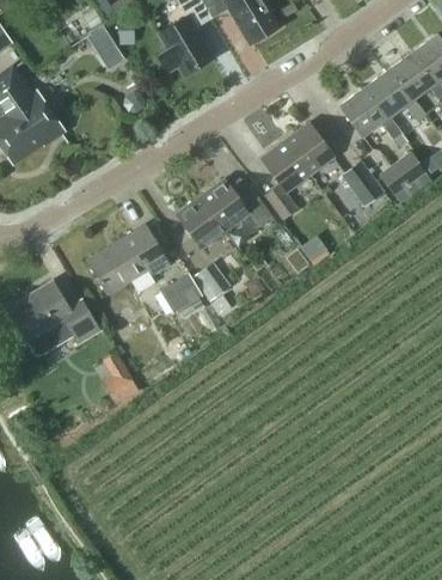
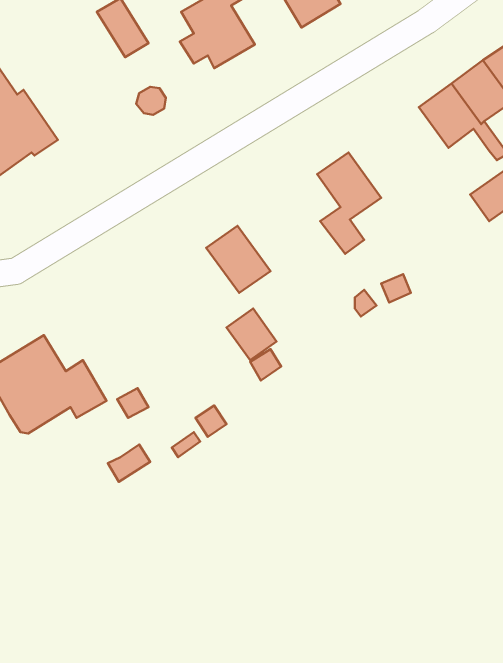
building: [284,123,333,176] -> none
building: [340,159,383,206] -> none
building: [199,179,272,234] -> none
building: [86,226,168,295] -> none
building: [158,270,201,312] -> none

